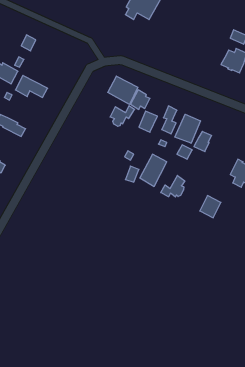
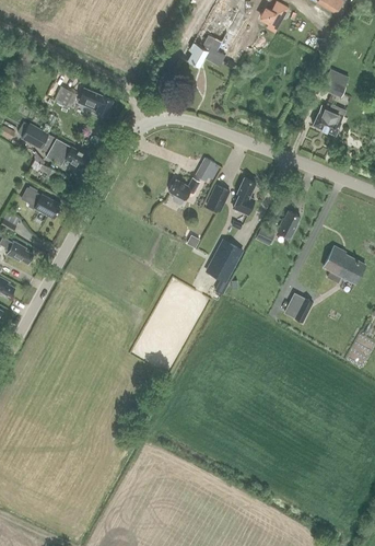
building: none -> [80,88,113,116]
building: [108,76,138,104] -> none
building: [175,114,200,143] -> none
building: [161,175,185,197] -> none

